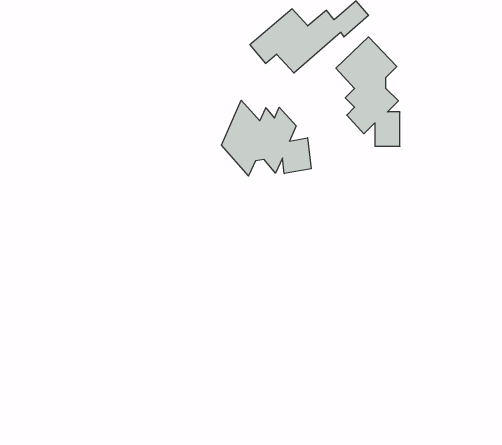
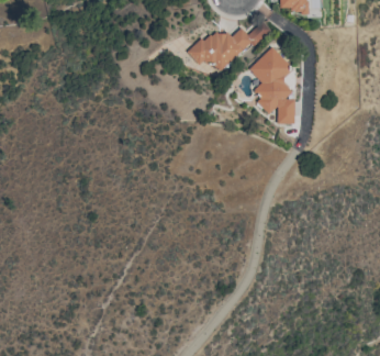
building: [222,100,311,176] -> none

